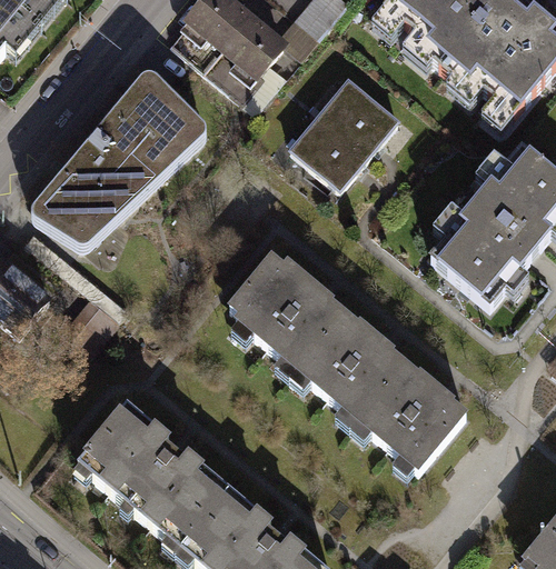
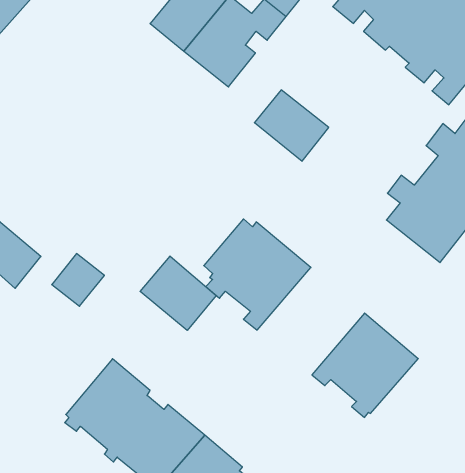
building: [34,67,209,241] -> none
building: [318,74,401,154] -> none
building: none -> [140,256,216,330]
building: [291,311,411,431] -> none

